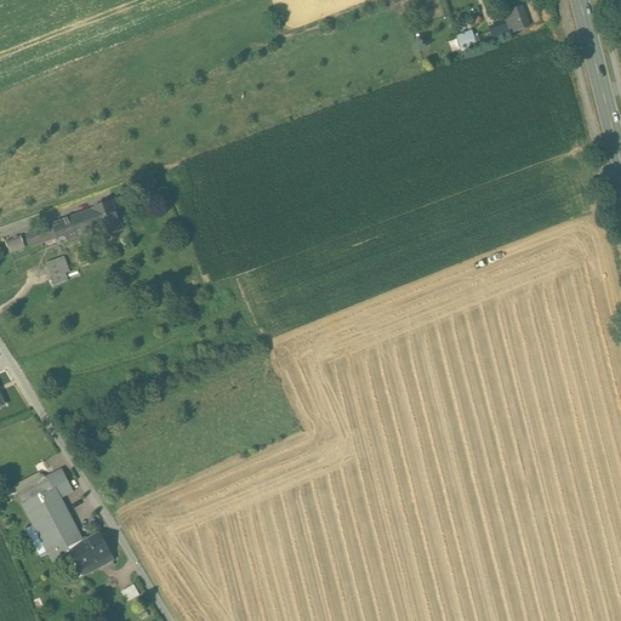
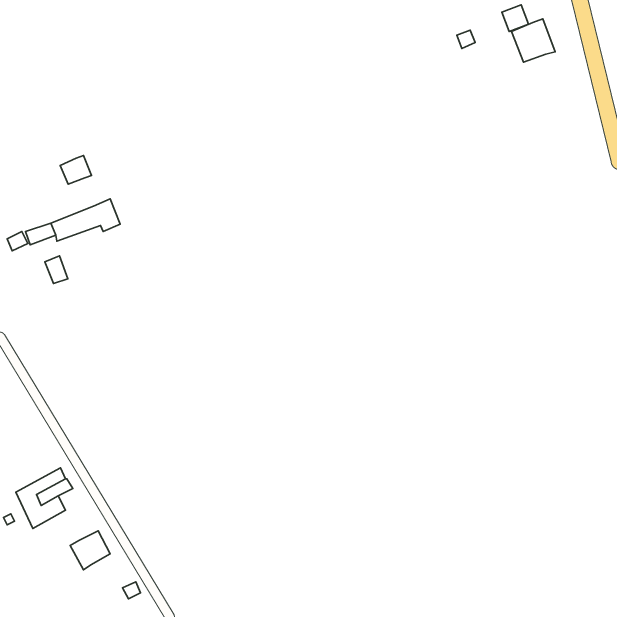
building: none -> [512,19,555,62]
building: none -> [60,155,92,184]
building: [35,511,95,576] -> none

